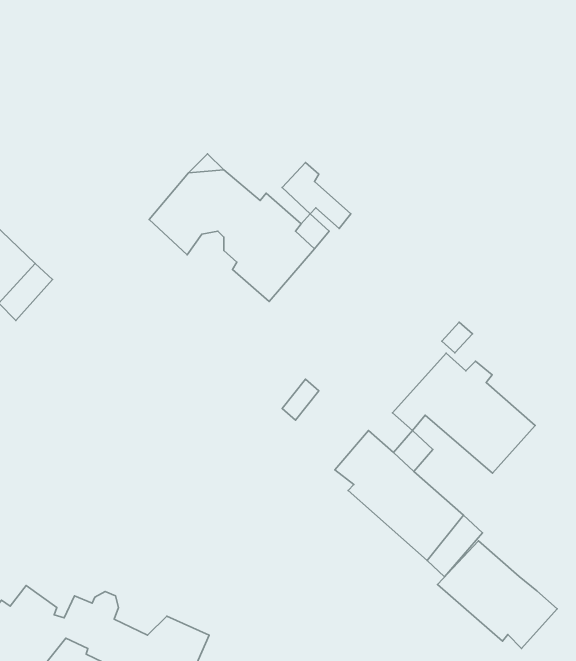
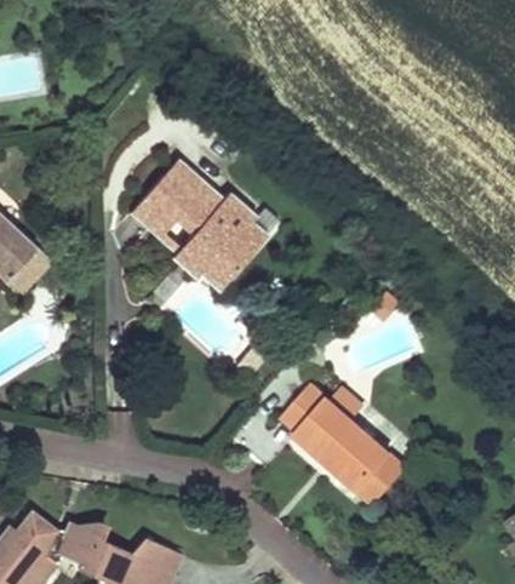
building: [282,163,351,228] -> [172,236,229,291]
building: [392,353,535,473] -> none
building: [437,541,557,649] -> none

